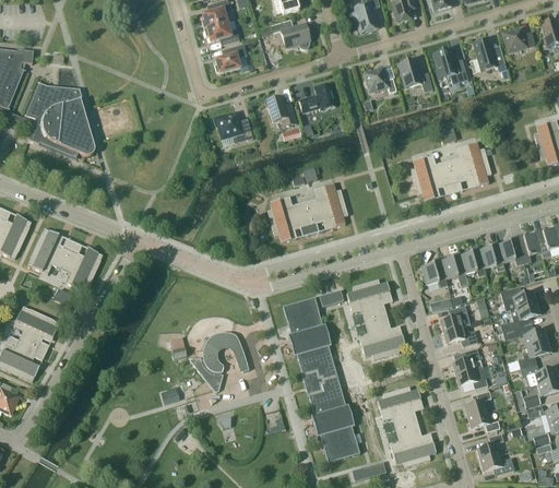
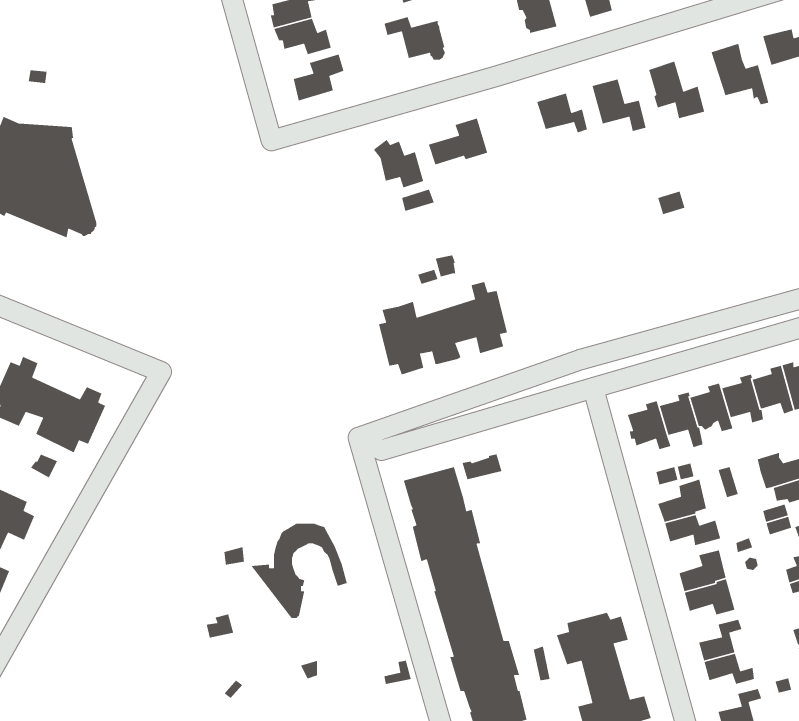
building: [213,111,253,143] -> none
building: [411,142,491,201] -> none
building: [346,278,405,359] -> none

